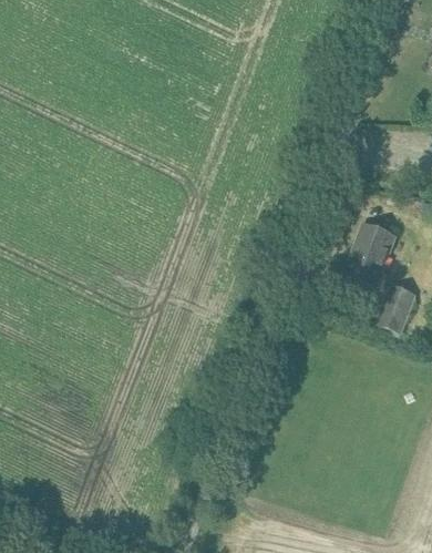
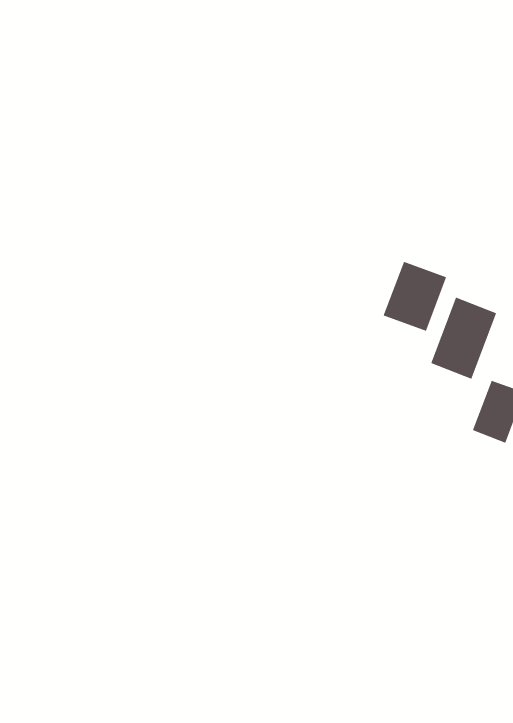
building: none -> [383,261,447,332]

